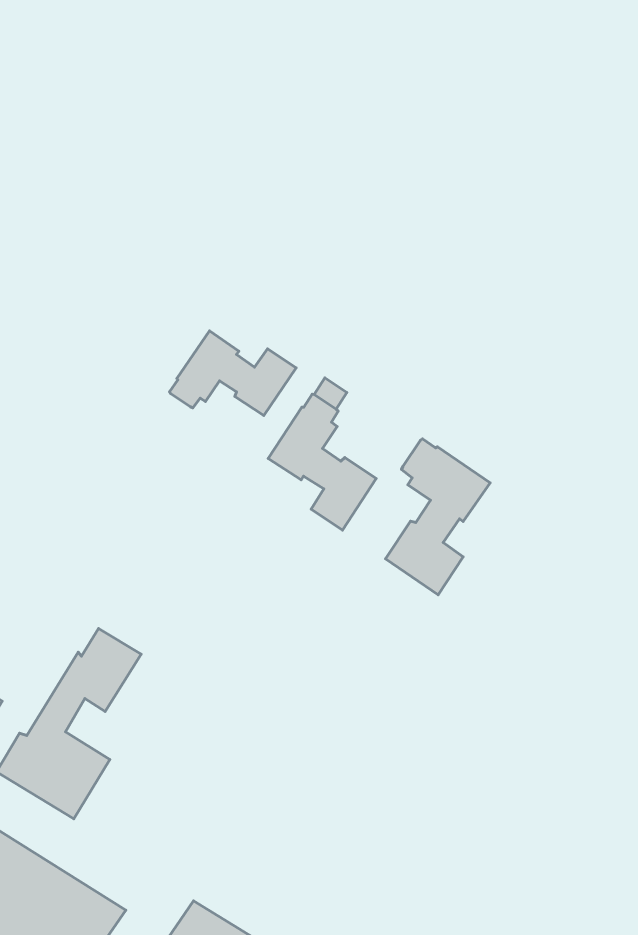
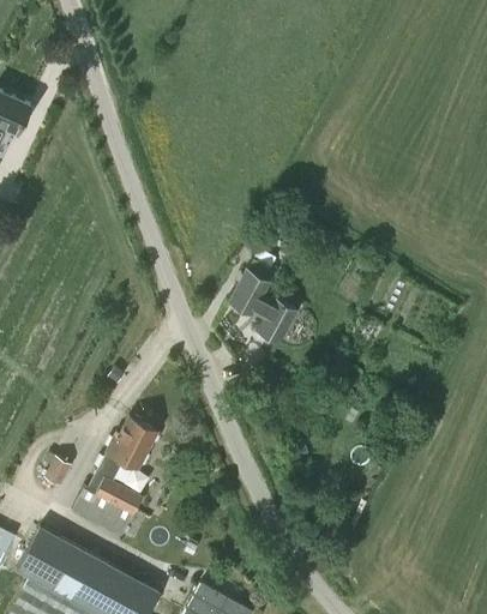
building: [170,331,296,416] -> none
building: [385,439,490,595] -> none

